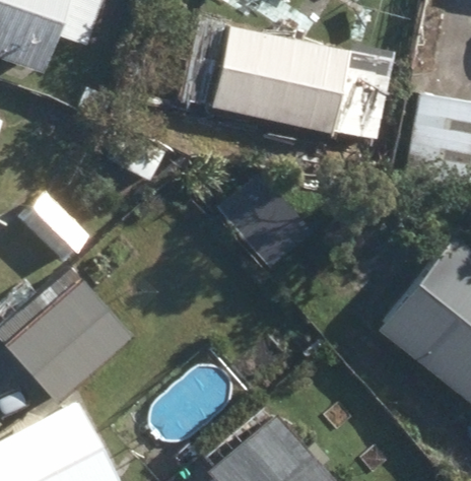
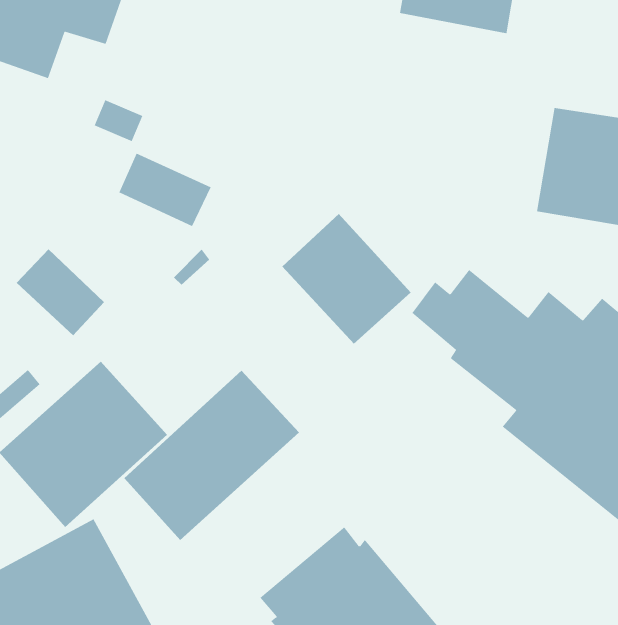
building: [215,26,350,134] -> none
building: none -> [123,370,300,541]

